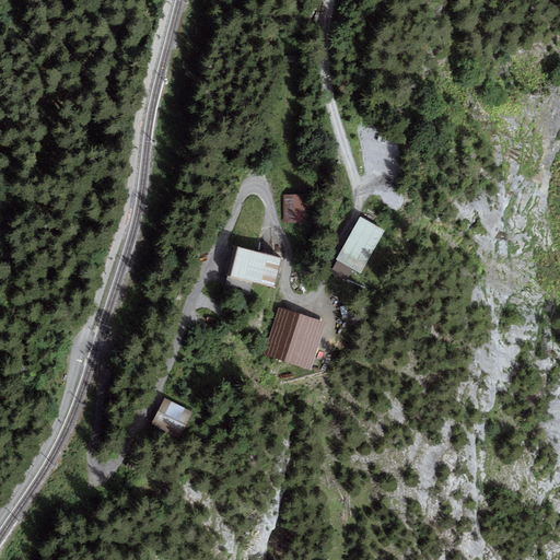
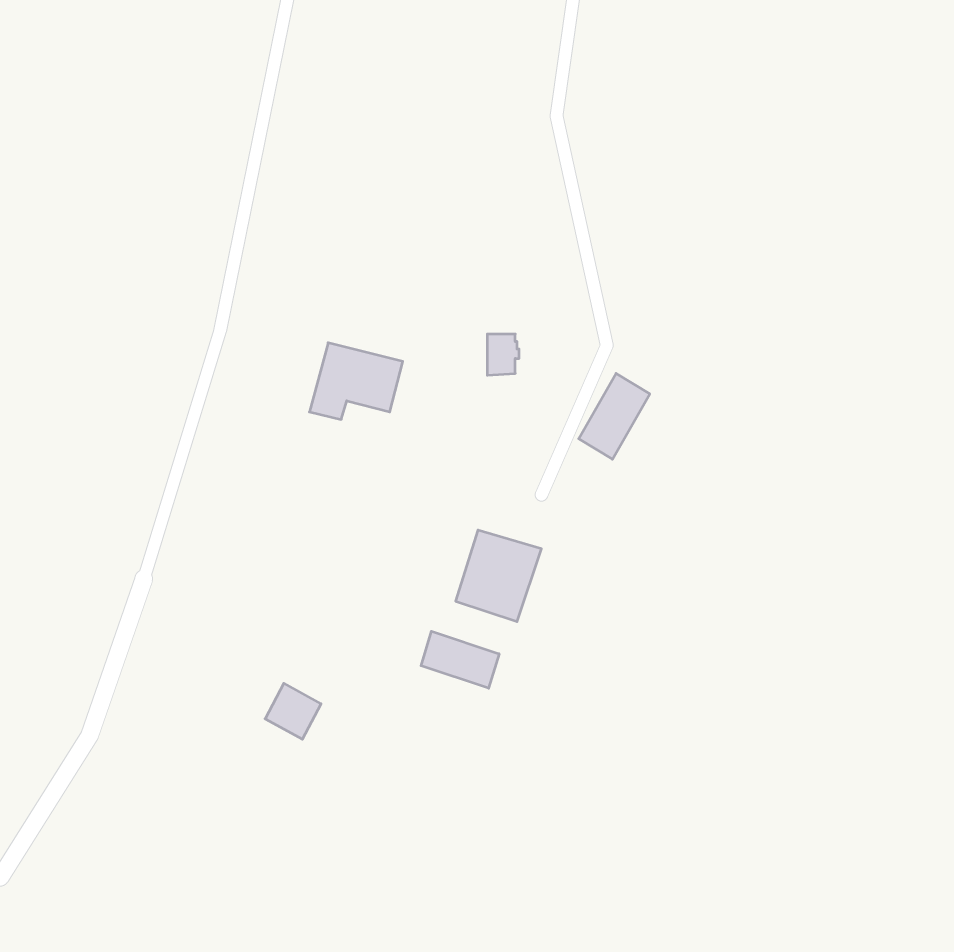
building: [228,246,282,291] -> [309,343,403,419]
building: none -> [421,631,499,688]

